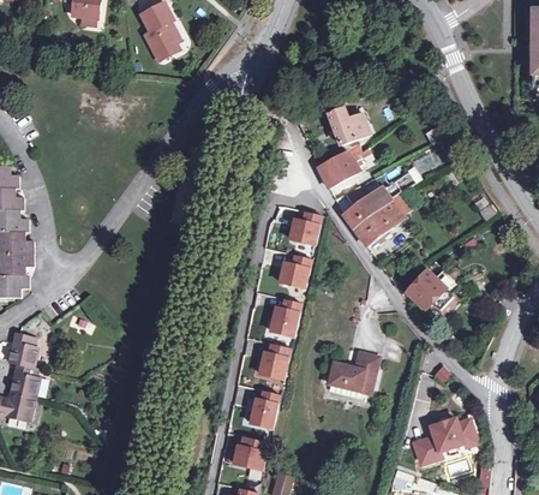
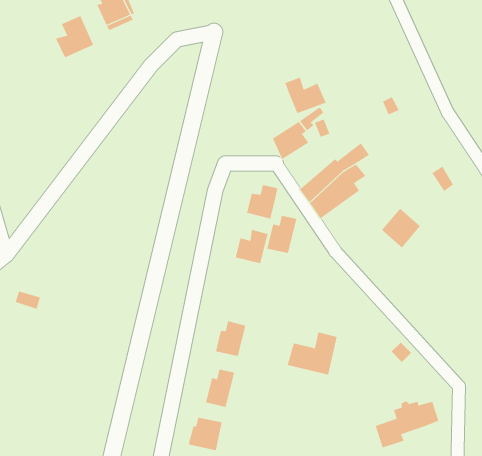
building: none -> [55,15,94,58]
building: [407,270,445,310] -> [381,208,421,249]
building: [273,298,303,335] -> [266,215,297,254]

